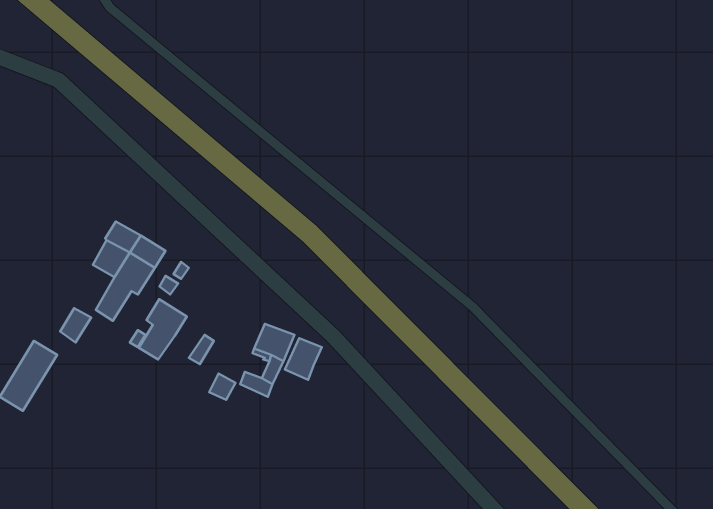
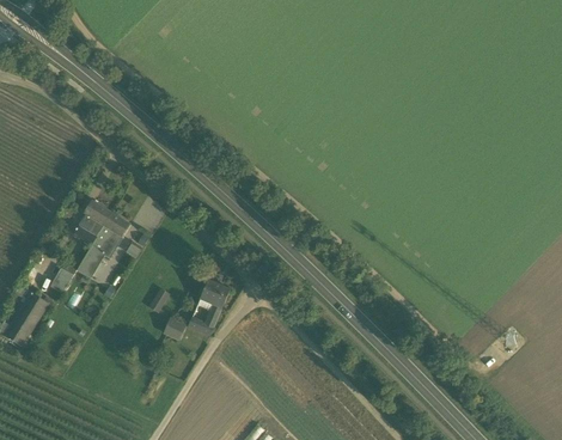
building: [139,299,187,360] -> none
building: [285,338,322,380] -> none

